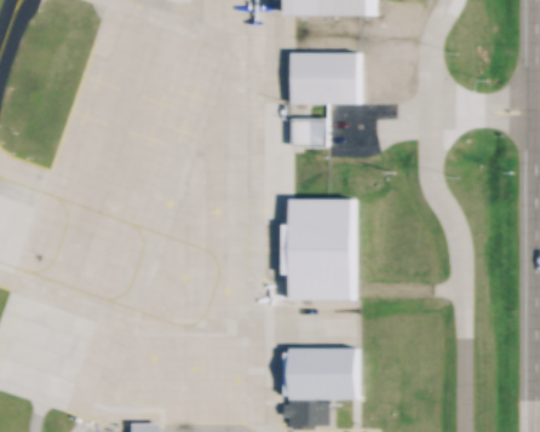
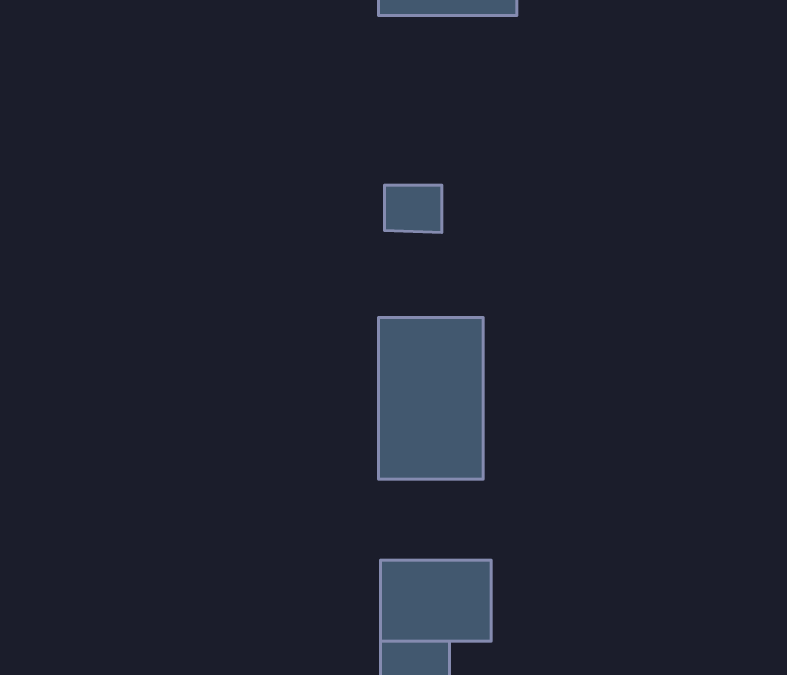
building: [287,52,355,103] -> none

